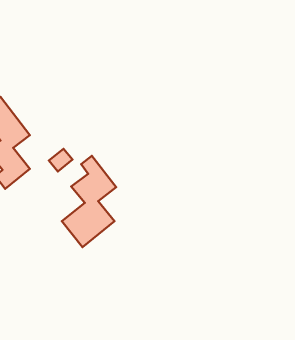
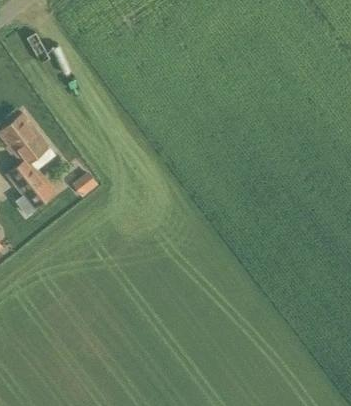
building: [62,156,116,247] -> none

